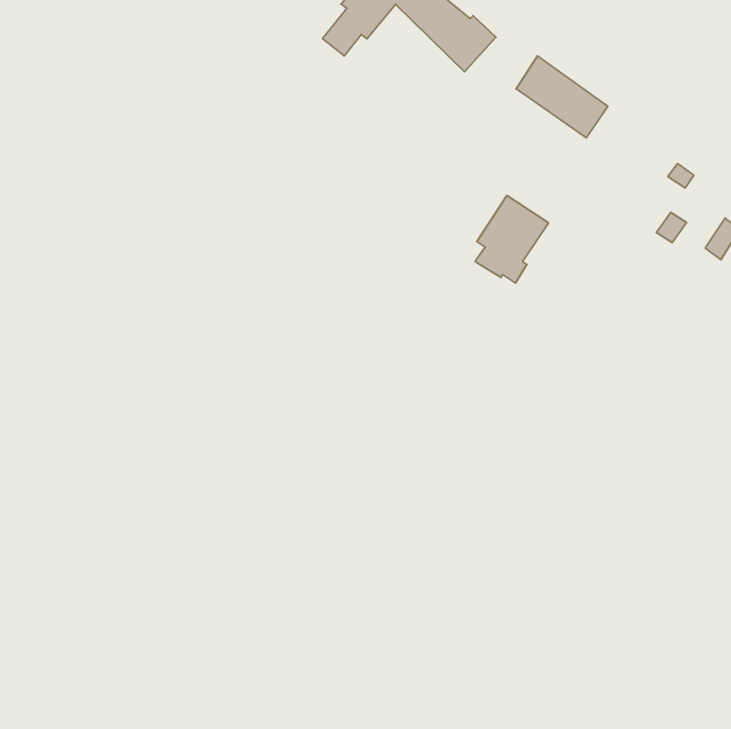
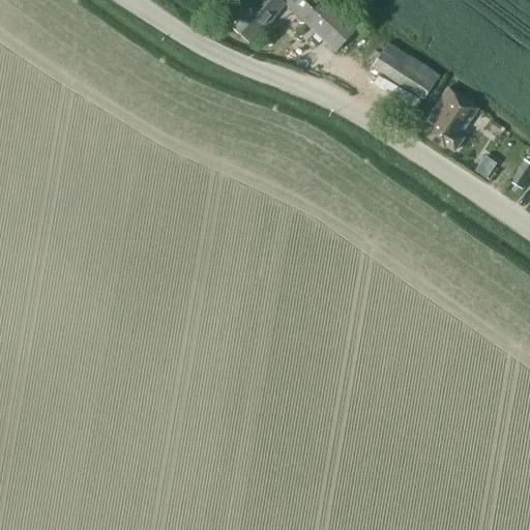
building: [475,196,548,283] -> [426,87,479,150]

